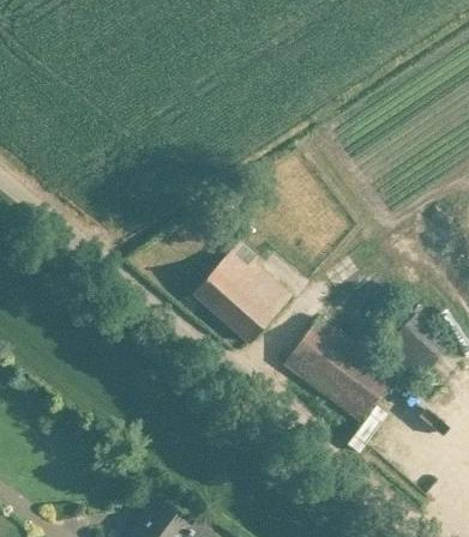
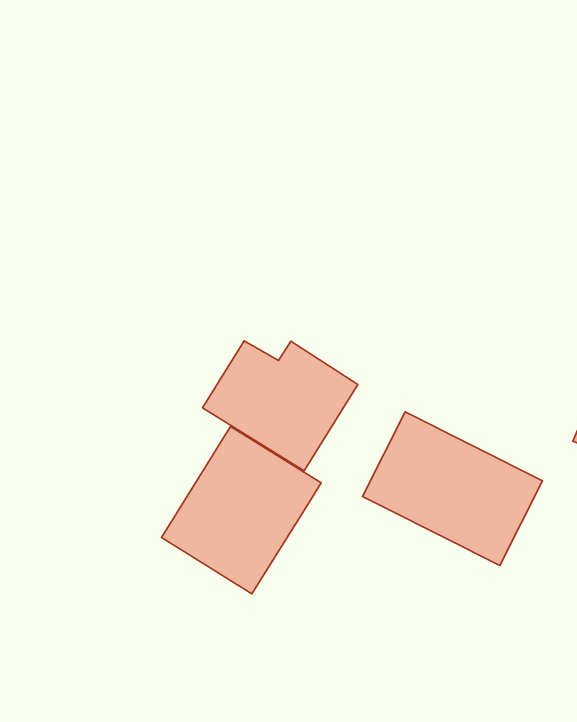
building: none -> [161,427,321,594]

